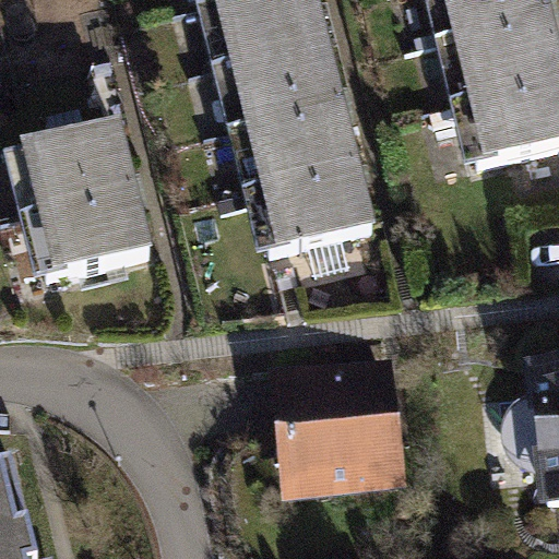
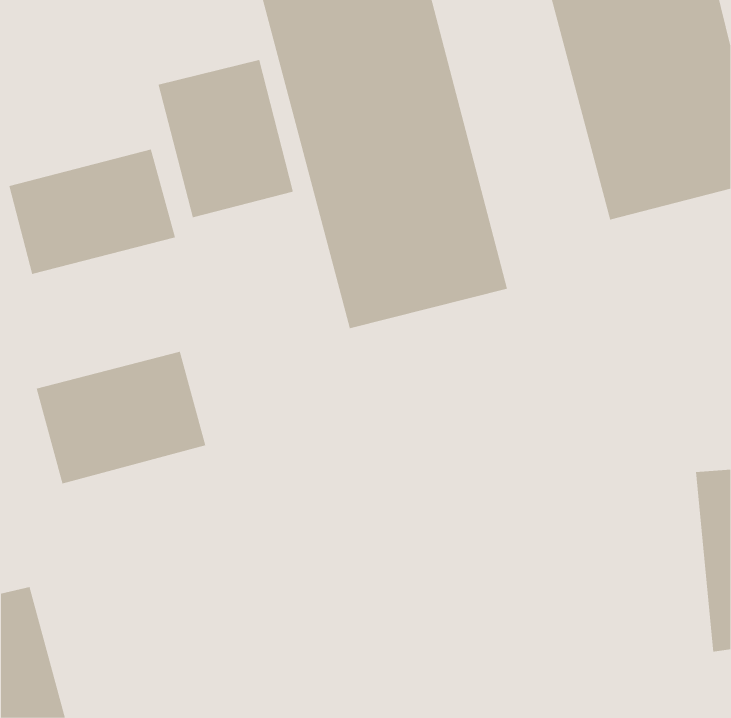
building: none -> [158,59,293,218]
building: [24,181,154,283] -> [36,351,206,484]
building: [275,367,404,498] -> none

